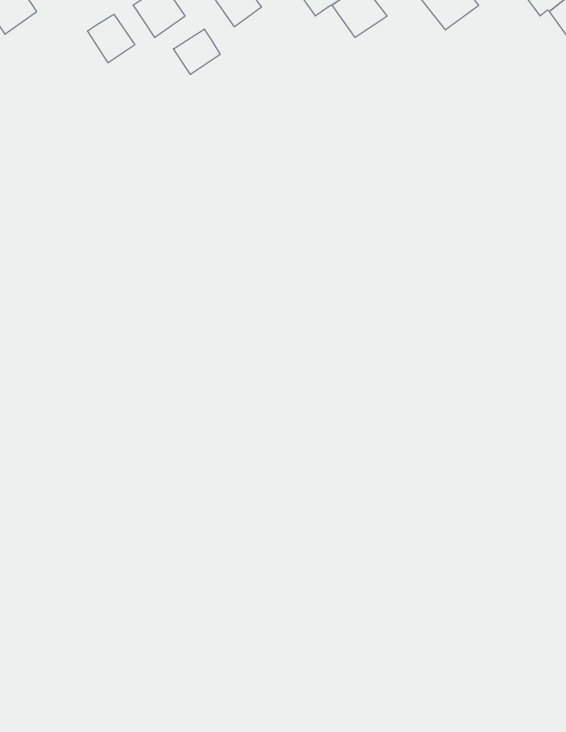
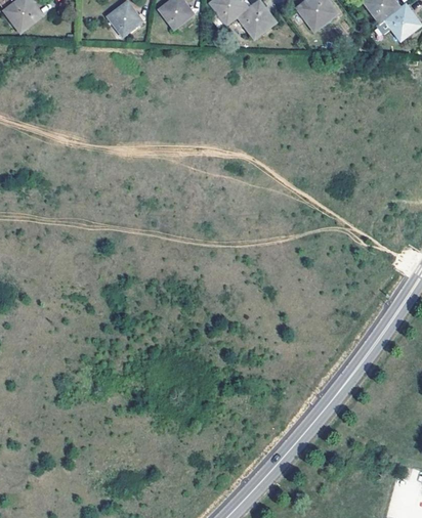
building: [88,14,135,63] -> none
building: [173,29,220,75] -> none

